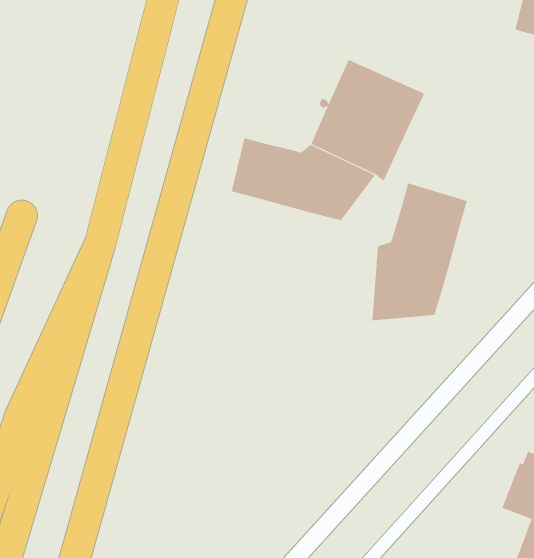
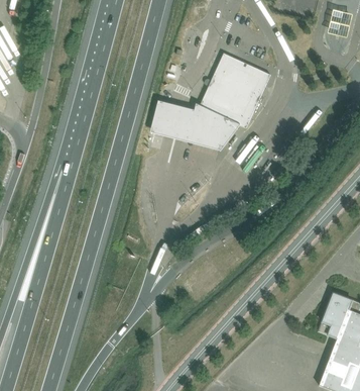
building: [372,183,467,321] -> none

